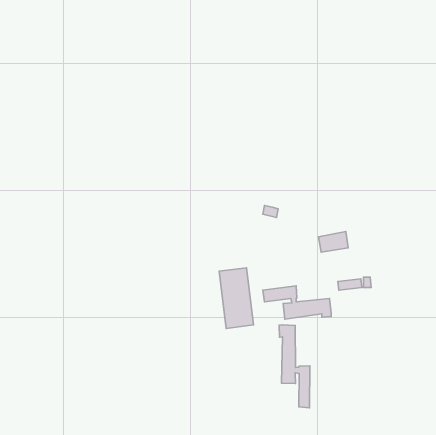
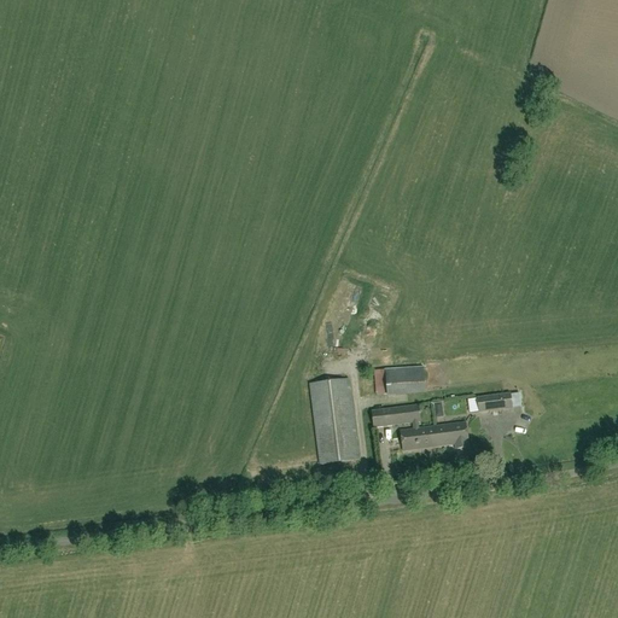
building: [318,232,348,252] -> [385,367,427,396]
building: [279,325,310,408] -> none

